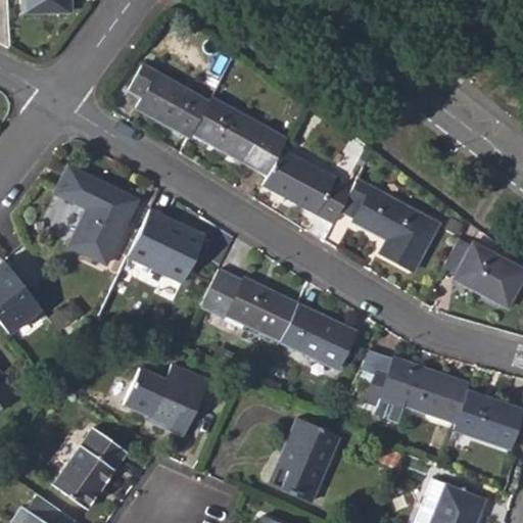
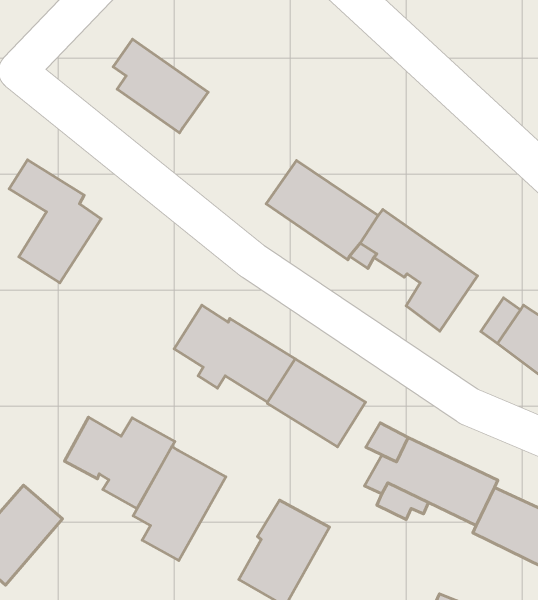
building: [190,96,288,175] -> none
building: [129,210,207,283] -> none
building: none -> [133,447,226,560]

